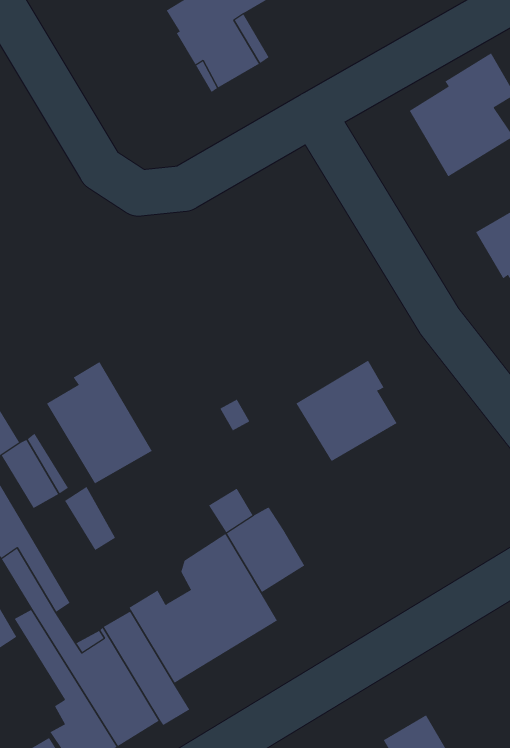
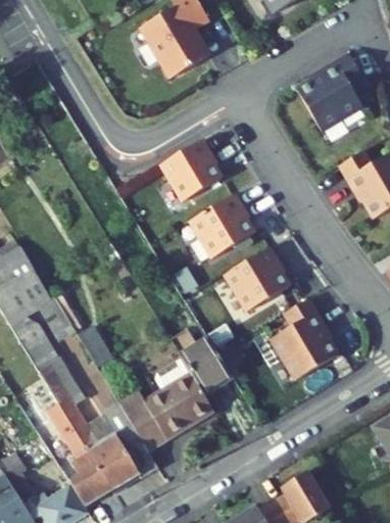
building: none -> [161,139,223,201]
building: none -> [190,193,254,258]
building: [46,361,152,484] -> none
building: none -> [272,298,338,380]

